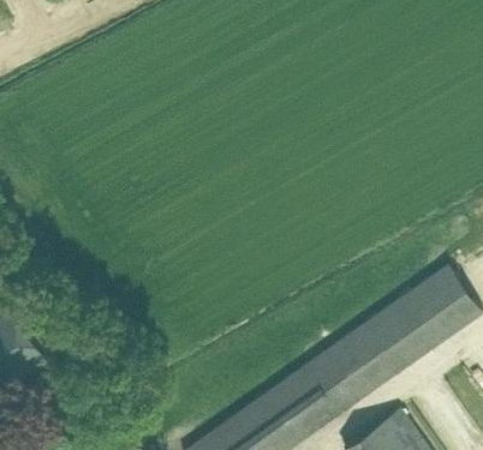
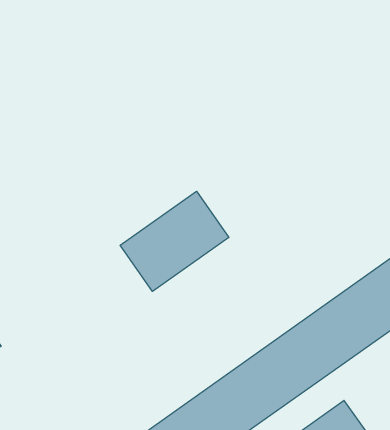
building: none -> [120,191,229,291]

